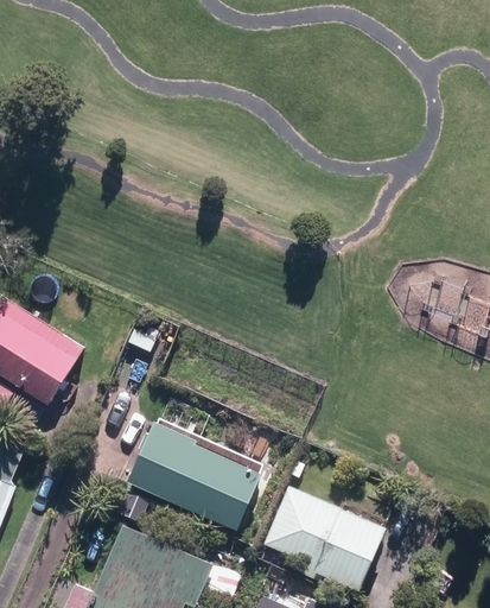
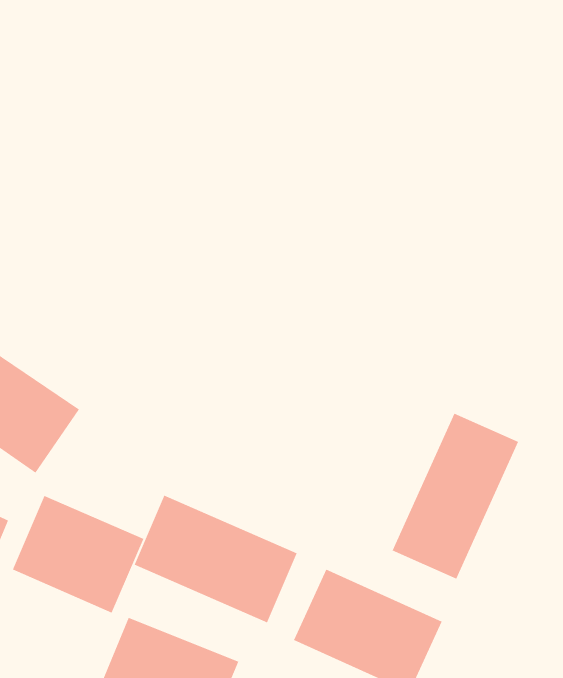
building: none -> [392,413,519,579]
building: none -> [12,495,144,613]

